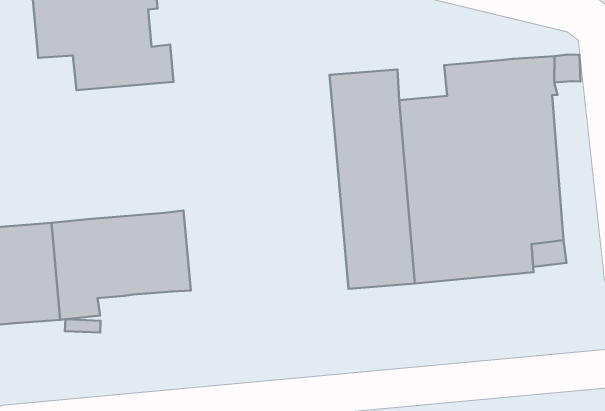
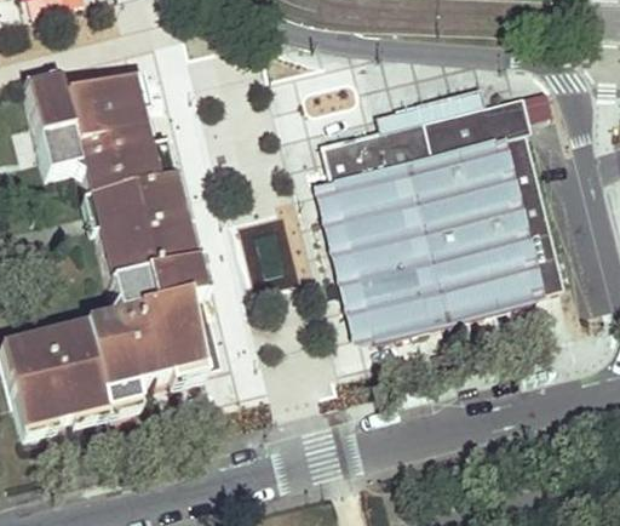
building: none -> [377,120,426,159]
building: none -> [84,175,201,314]

